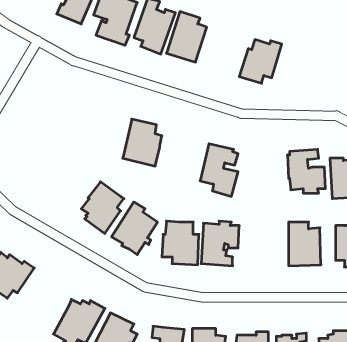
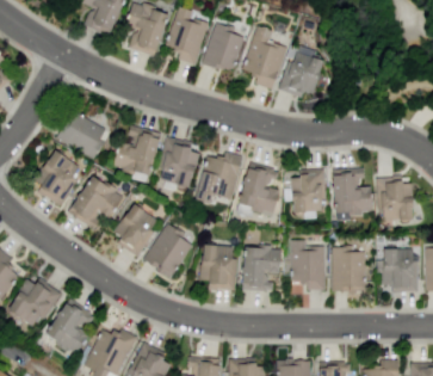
building: none -> [246,27,292,90]
building: none -> [54,111,106,161]
building: none -> [111,124,161,185]
building: none -> [31,149,79,207]
building: none -> [194,150,242,203]
building: none -> [286,169,328,211]
building: none -> [64,175,122,230]
building: none -> [292,241,327,292]
building: none -> [44,300,94,355]

